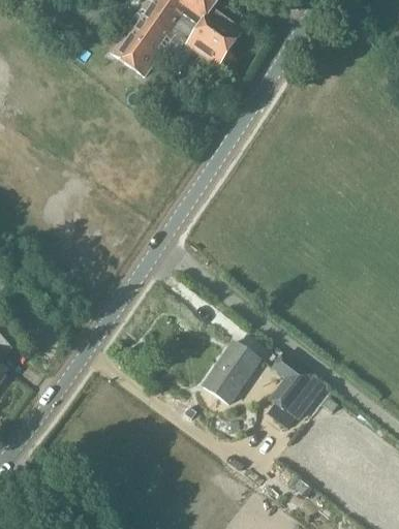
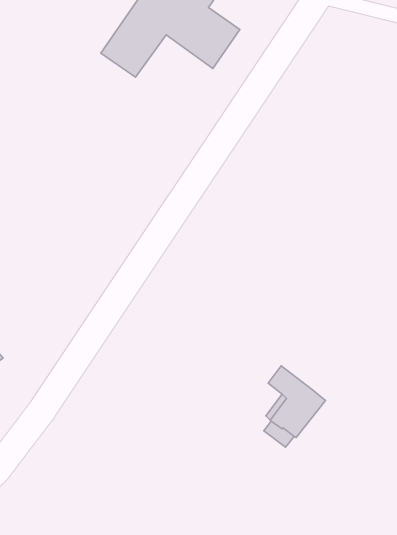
building: [204,340,263,404] -> none

